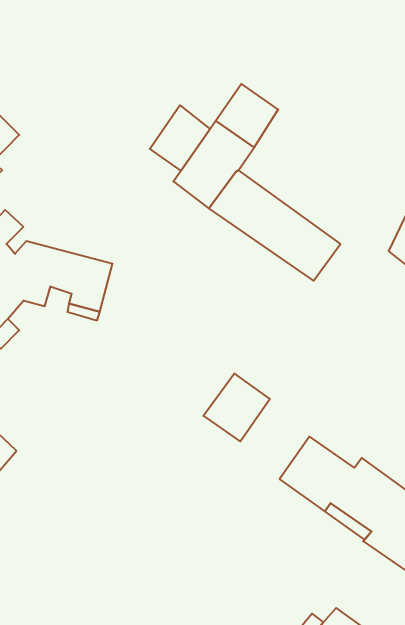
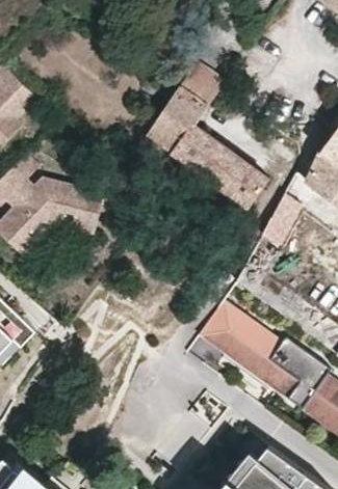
building: [150,105,210,171] -> none
building: [203,373,270,441] -> [198,302,246,352]

